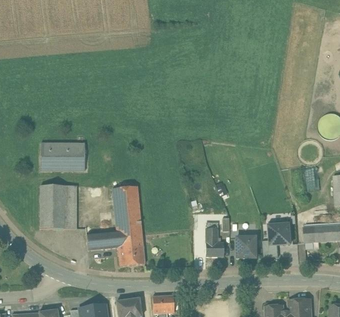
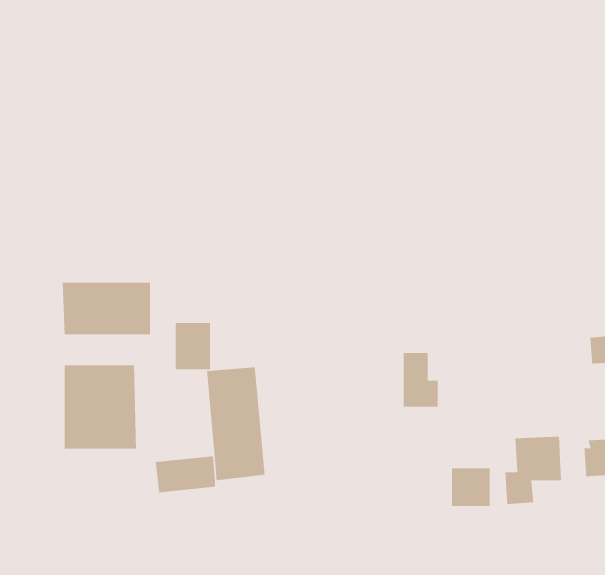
building: none -> [175,322,211,370]
building: [205,228,223,256] -> [403,352,438,408]
building: [117,241,145,266] -> none

